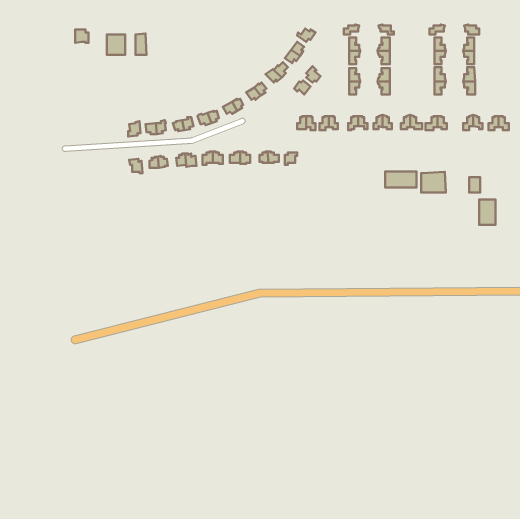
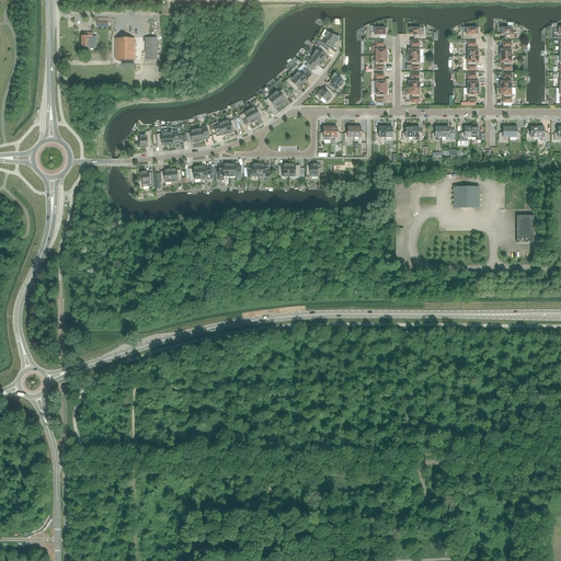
building: [385,172,416,188] -> none

